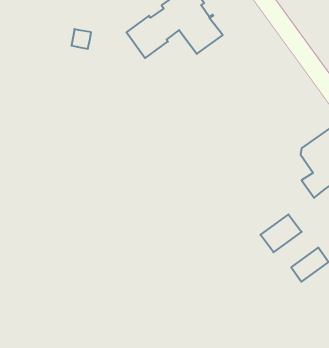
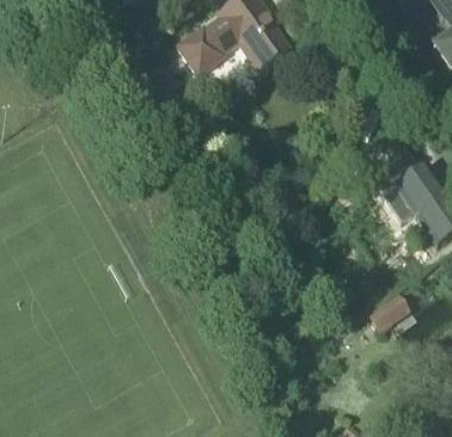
building: [260,214,302,252] -> none

